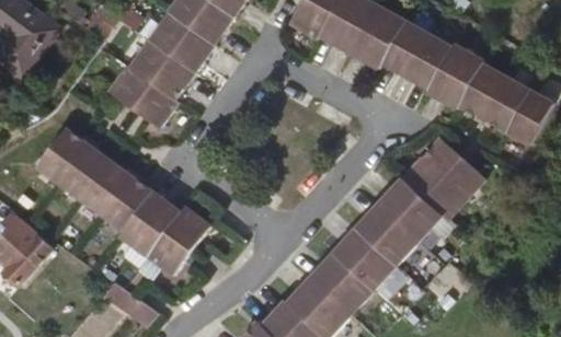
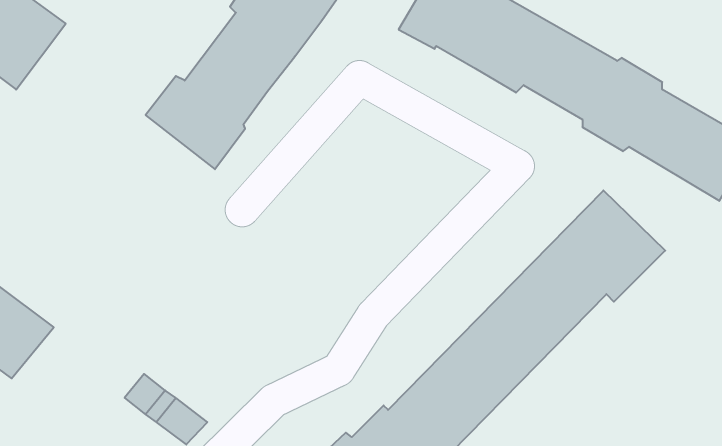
building: [41,124,211,274] -> none

